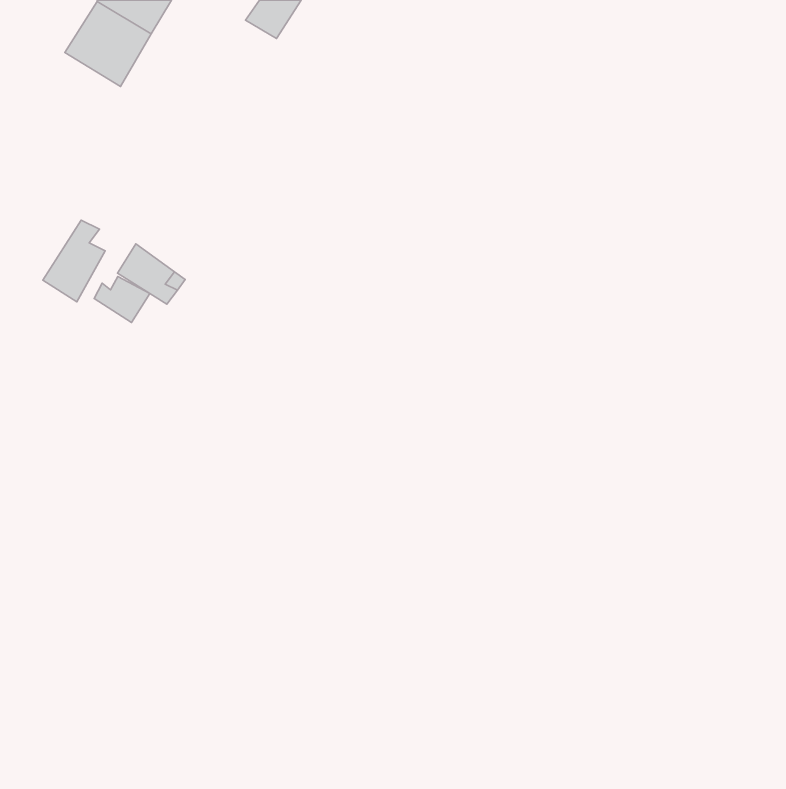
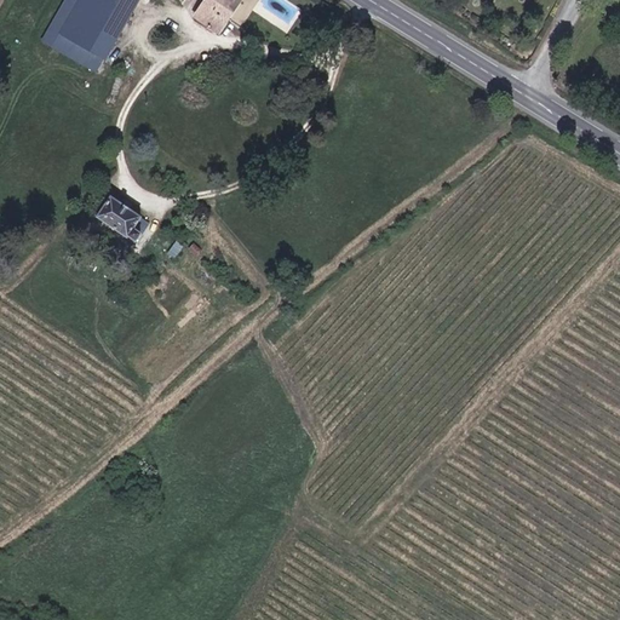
building: [43,220,105,302] -> none
building: [94,277,150,322] -> none

